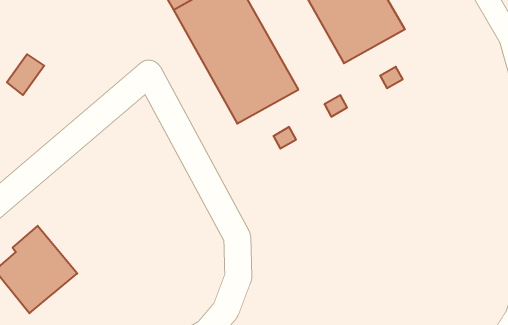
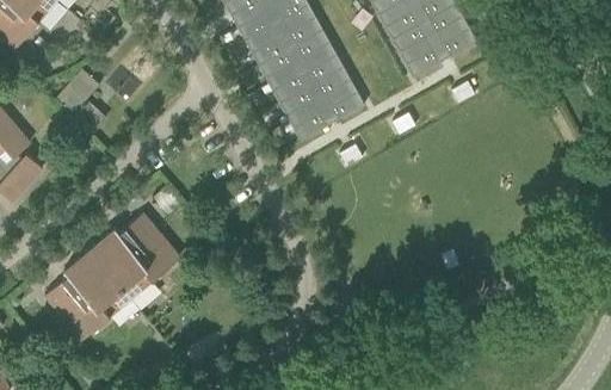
building: none -> [91,211,180,296]

